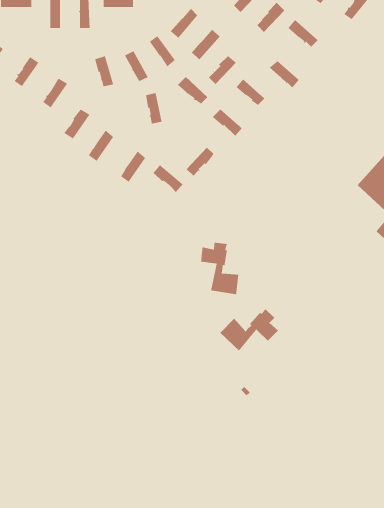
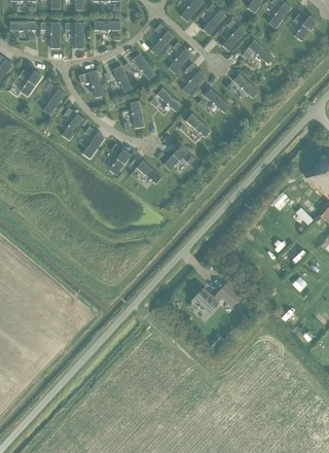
building: [200,242,239,295] -> none

